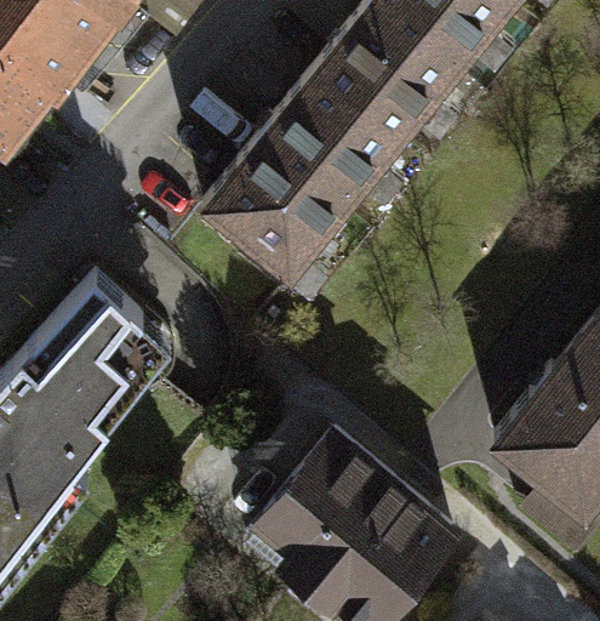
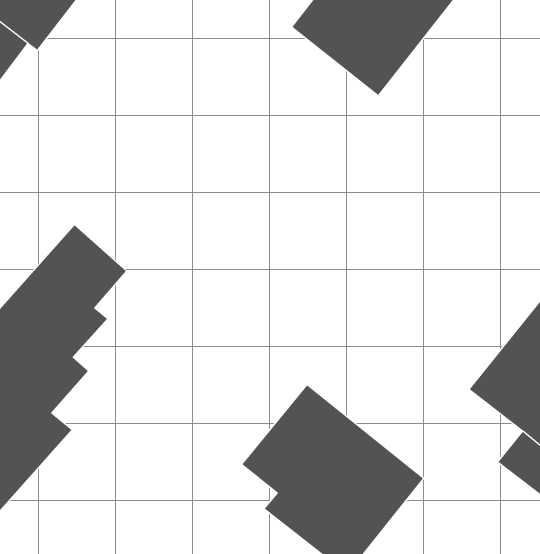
building: [204,72,402,278] -> none

